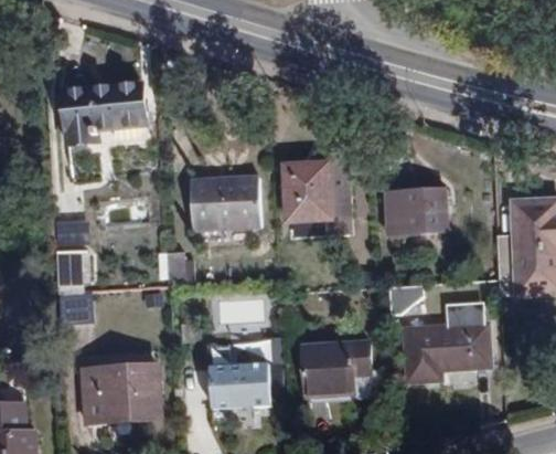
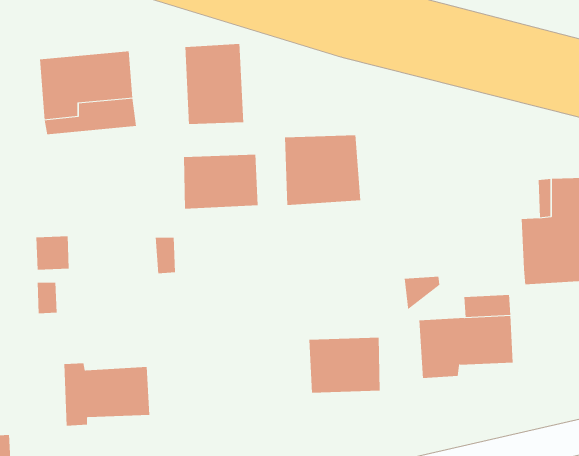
building: none -> [185,43,244,125]
building: [386,188,445,230] -> none
building: [211,361,270,418] -> none

